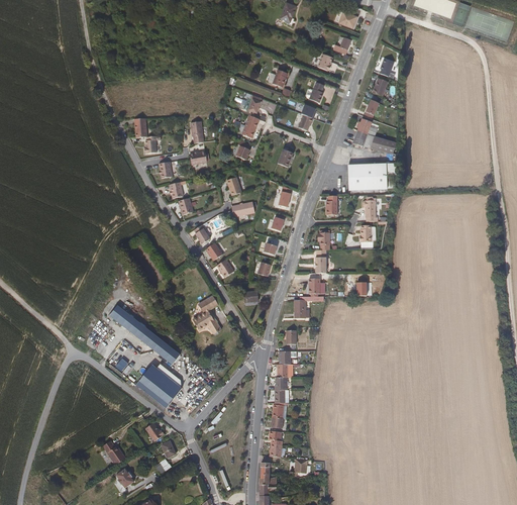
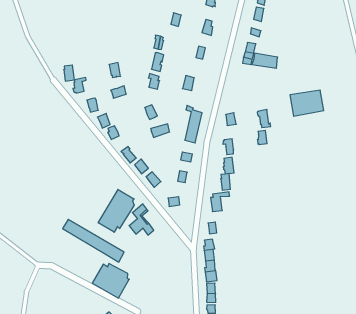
building: [348,163,387,190] -> [290,90,324,116]
building: none -> [98,189,134,232]

